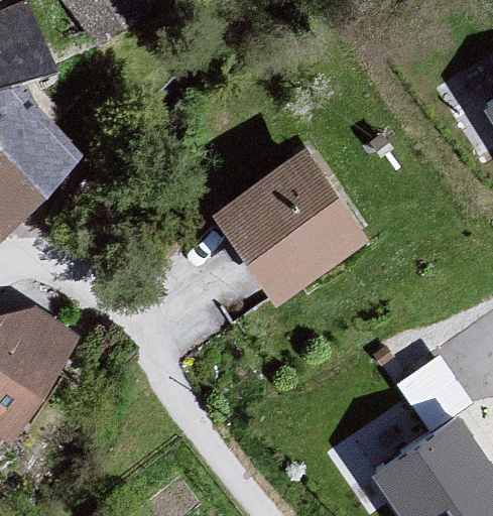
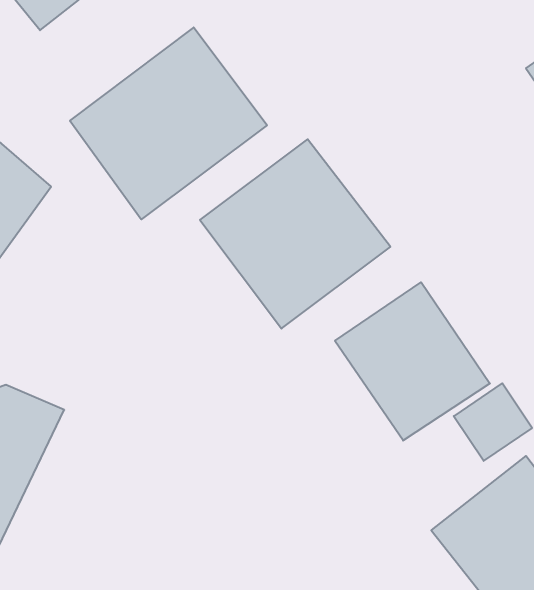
building: none -> [70,27,267,219]
building: none -> [335,282,490,441]

